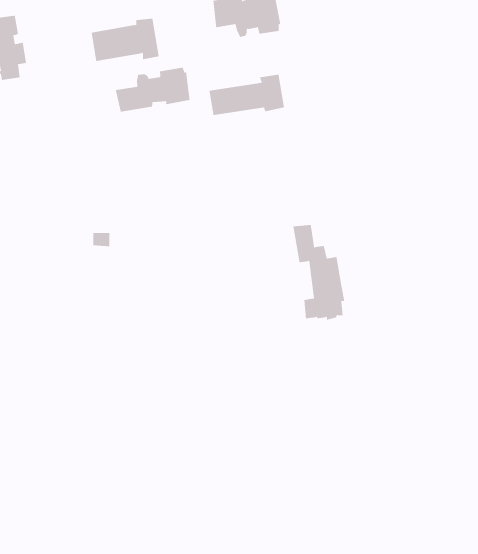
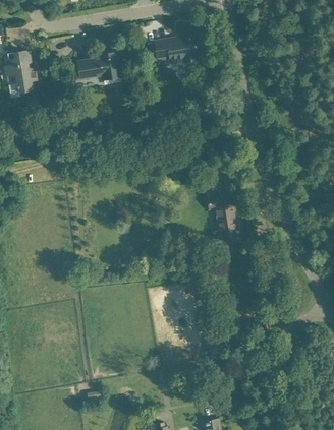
building: [115,67,190,113] -> none
building: [209,74,284,116] -> none

